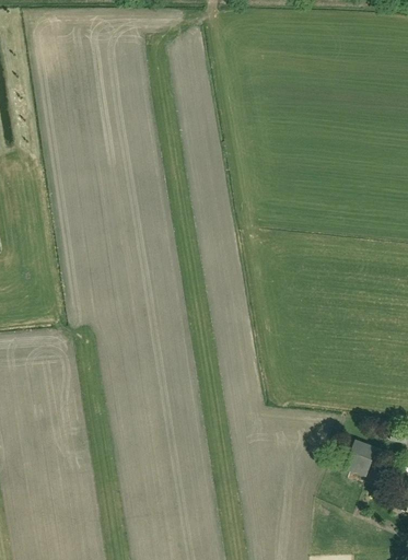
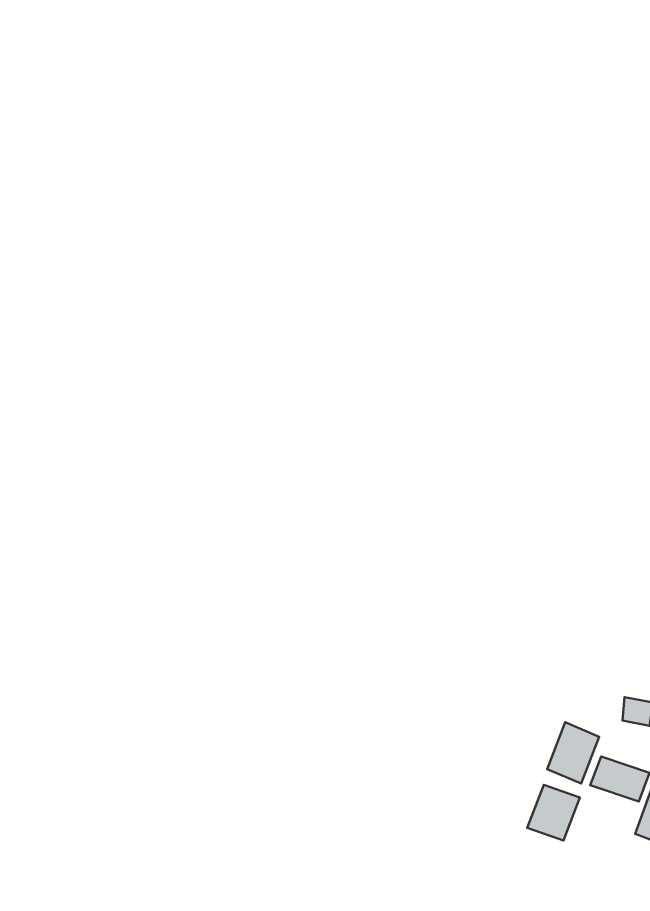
building: none -> [527,785,580,840]

